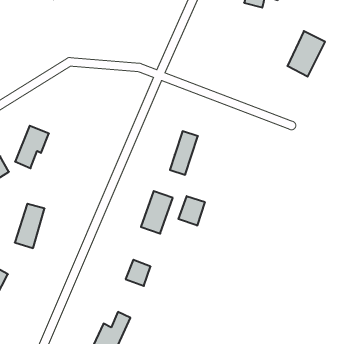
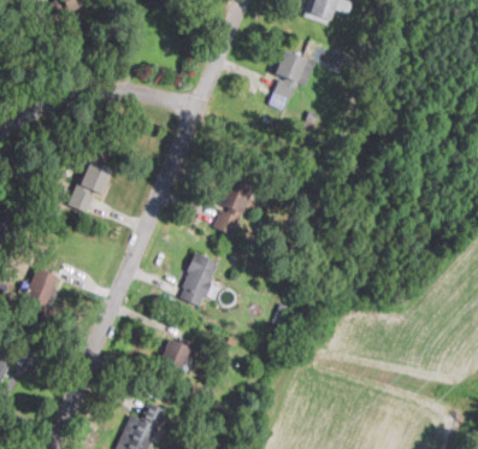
building: [287,31,325,77] -> [270,49,317,106]
building: [15,126,49,168] -> [70,159,112,212]
building: [178,196,205,226] -> none

